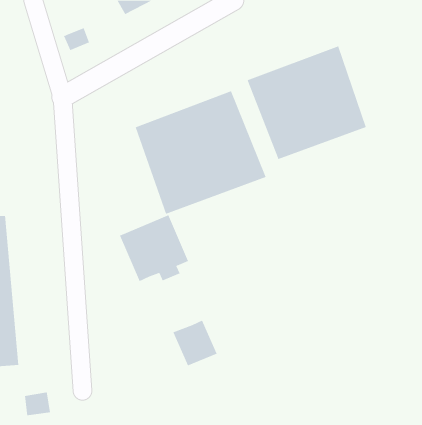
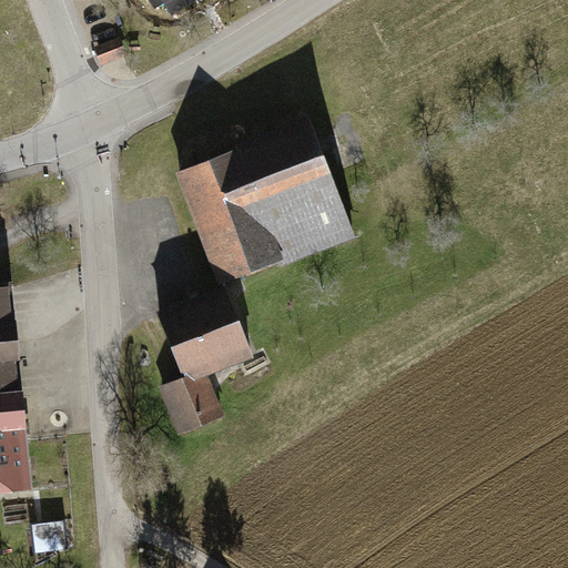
building: [247,46,367,160] -> none
building: [173,320,218,366] -> [160,369,220,432]

